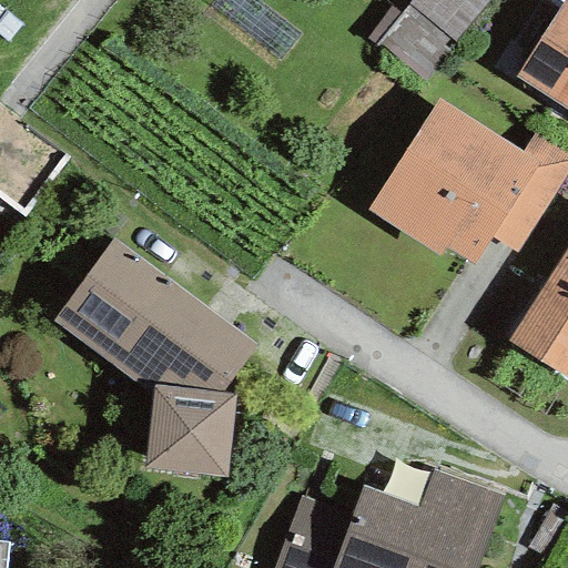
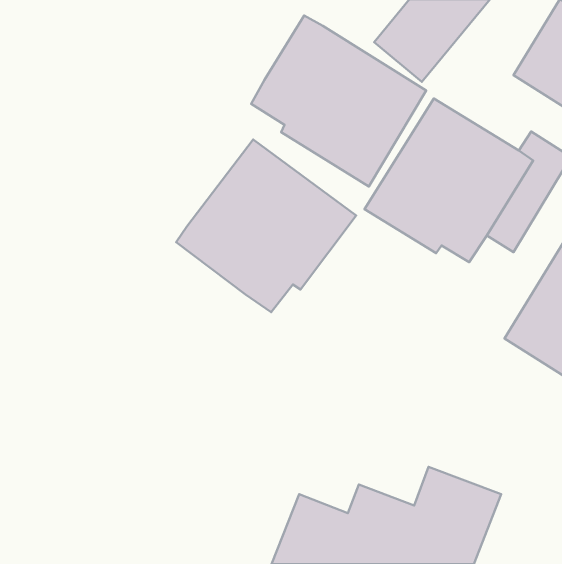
building: none -> [251,15,426,187]
building: none -> [176,139,356,312]
building: [53,236,258,476] -> none

